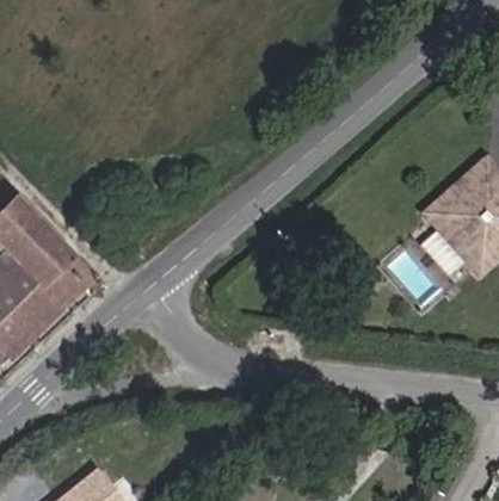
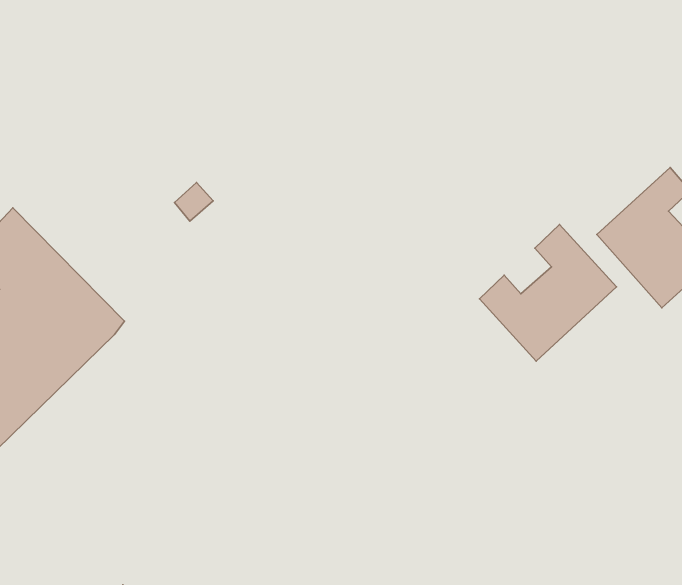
building: none -> [479,224,616,361]

